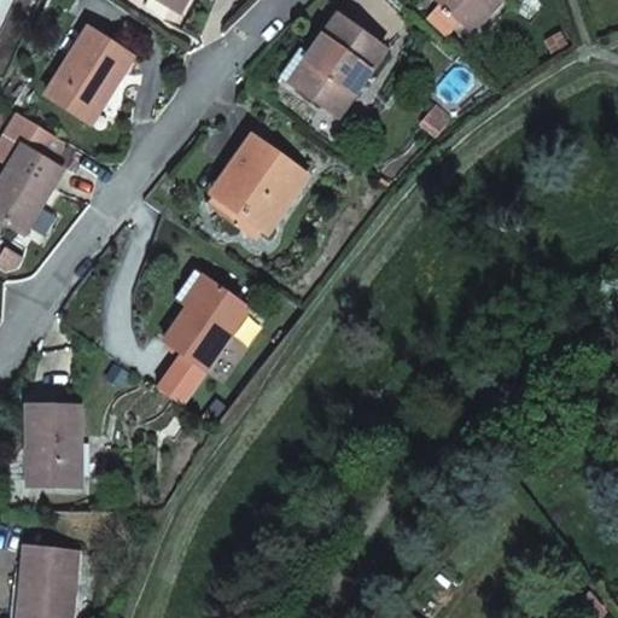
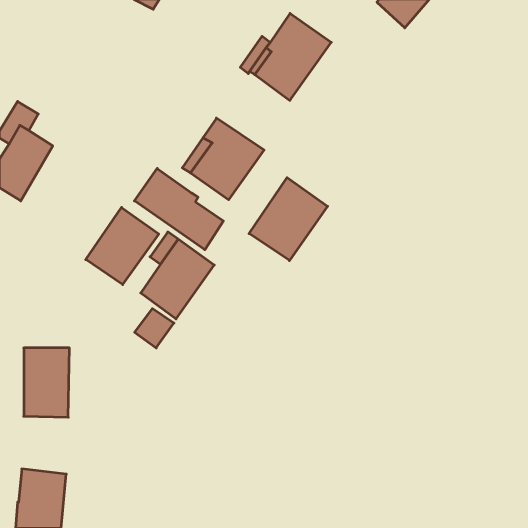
building: [47,28,133,119] -> none
building: none -> [134,168,223,250]
building: none -> [249,178,328,261]
building: none -> [86,207,159,285]

